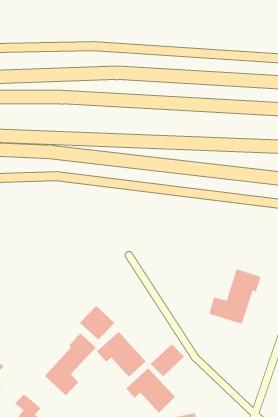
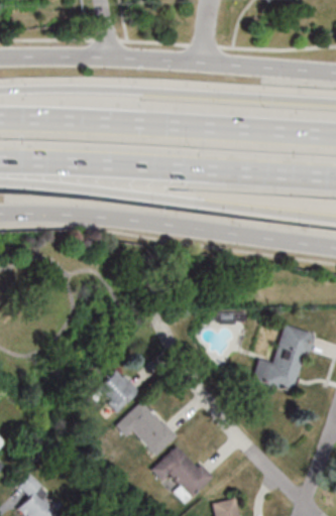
building: [44,332,97,396] -> none
building: [150,343,185,377] -> none

